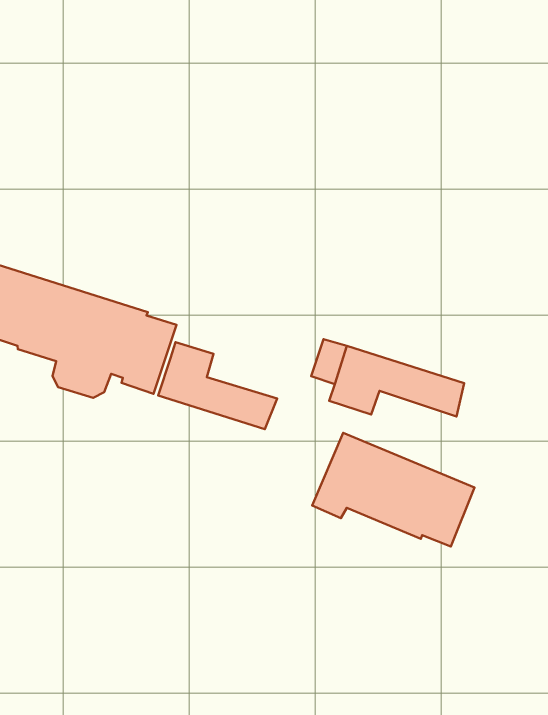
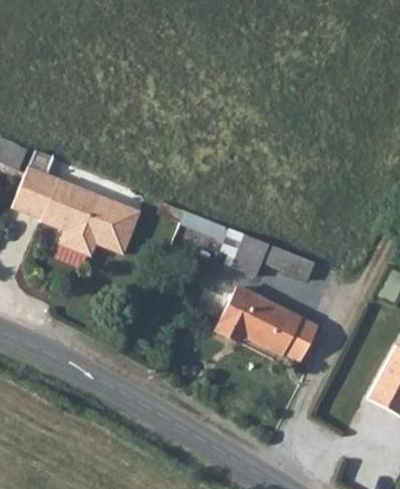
building: [158,342,277,429] -> none

